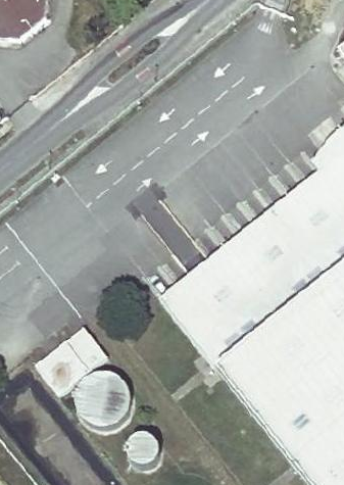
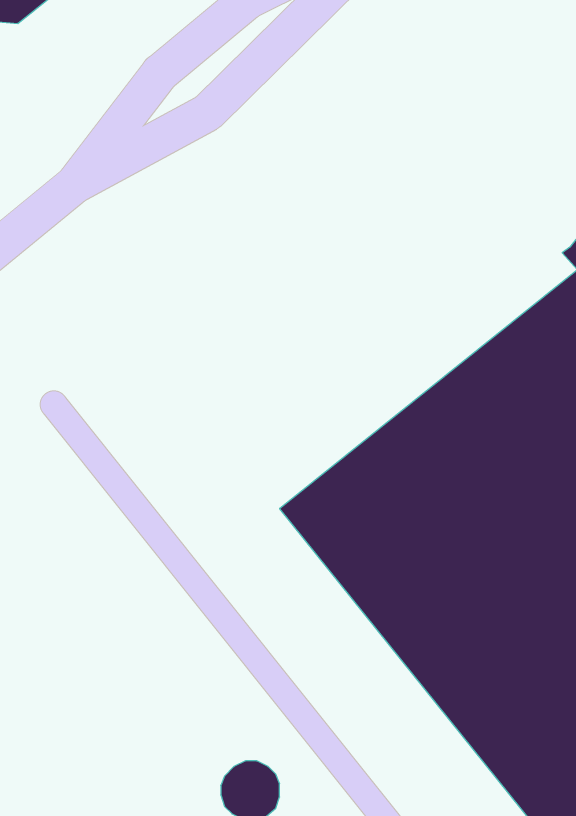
building: [37,324,108,392] -> none
building: [77,371,132,425] -> none

